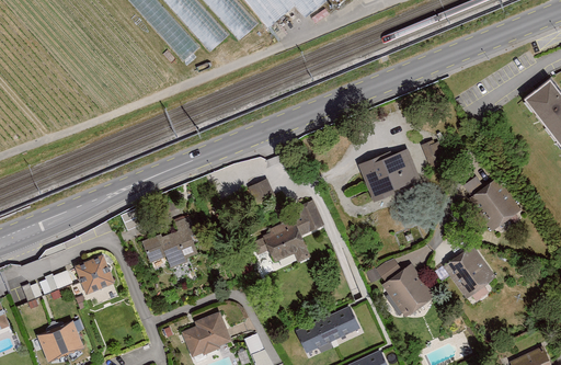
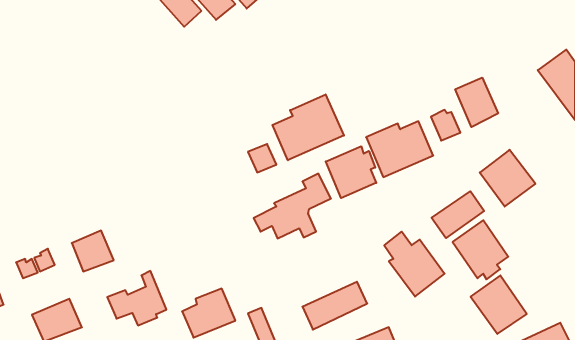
building: none -> [455,78,498,127]
building: none -> [272,94,344,160]
building: none -> [326,146,376,198]
building: [141,216,198,269] -> [107,271,166,325]
building: none -> [432,191,484,238]
building: none -> [471,275,527,334]

